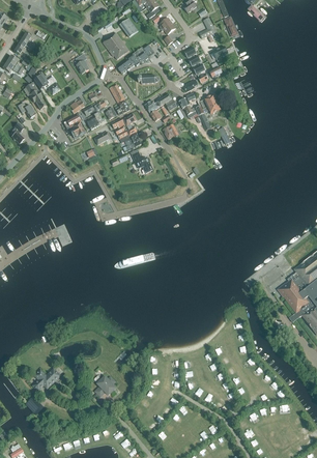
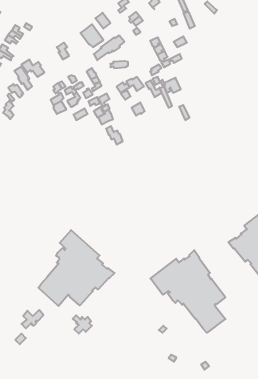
building: none -> [38,230,115,306]
building: none -> [150,250,226,333]

